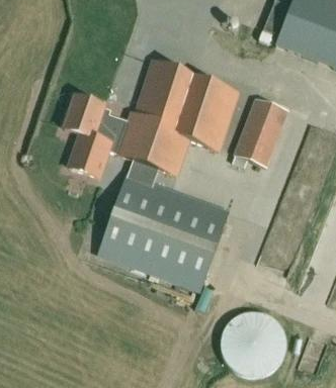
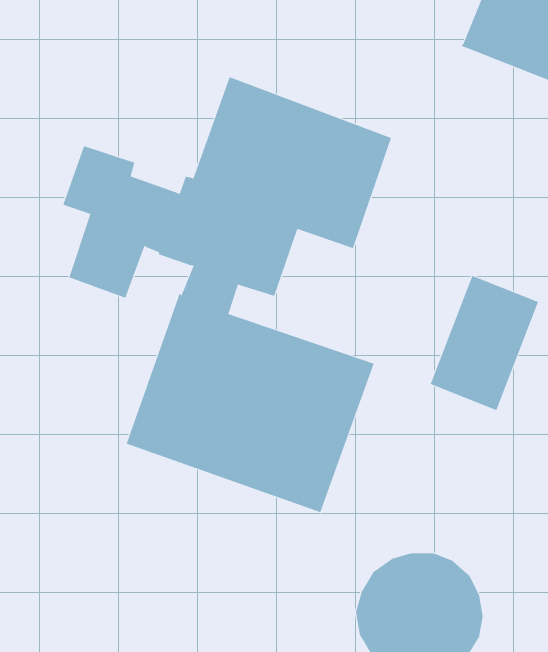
building: [231,96,288,168] -> [430,275,539,411]

